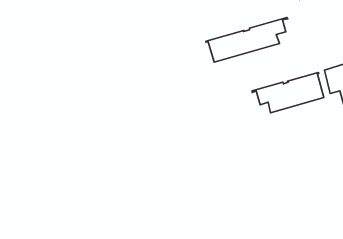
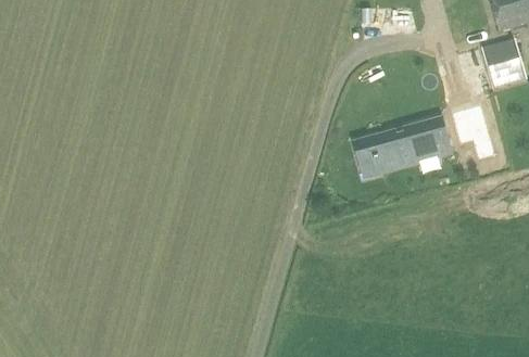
building: [206,18,288,62] -> none

